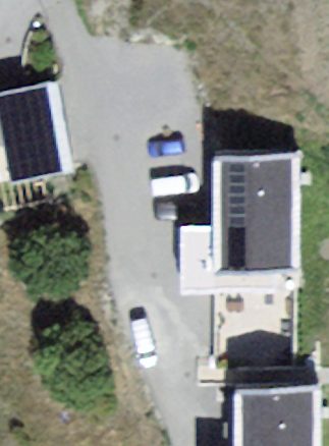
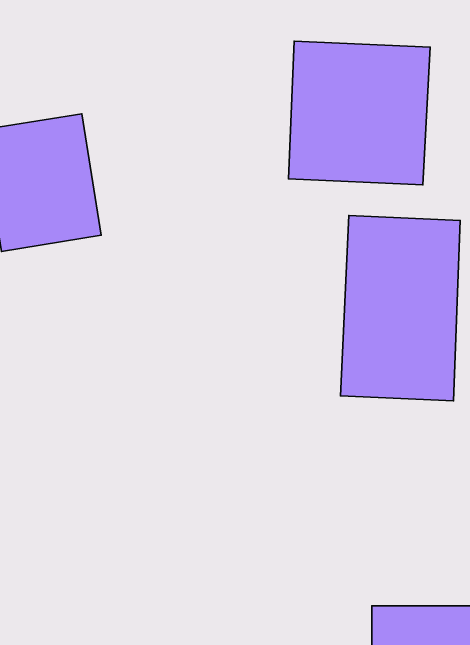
building: none -> [288,41,430,185]

